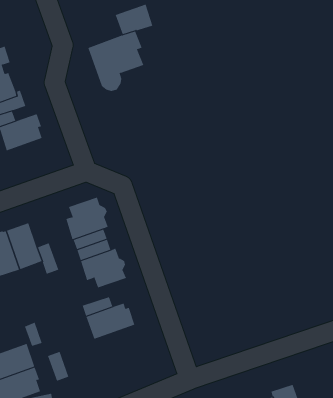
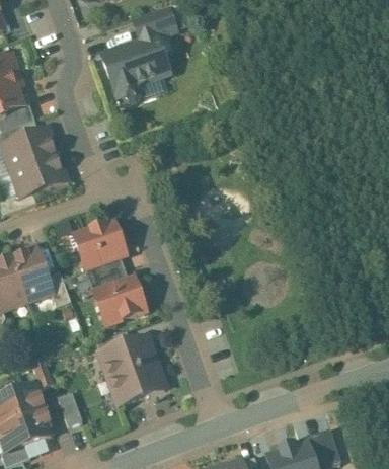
building: none -> [12,155,66,197]
building: none -> [109,362,164,404]

